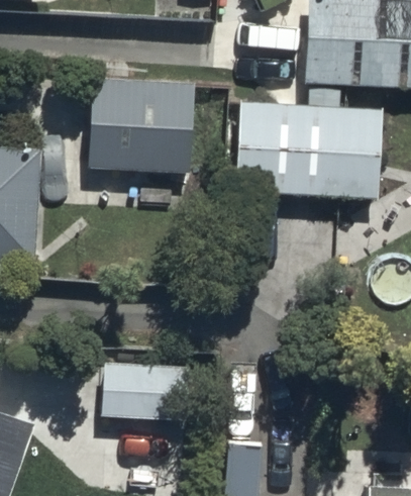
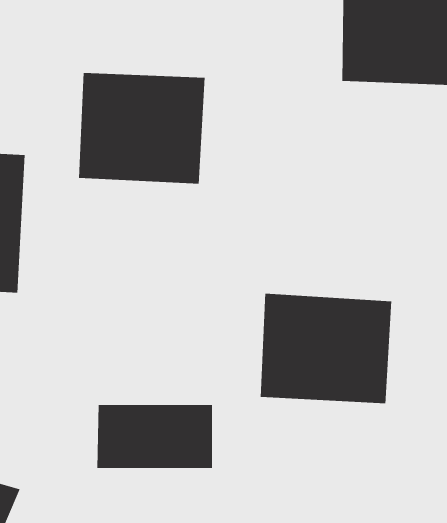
building: [234,102,382,198] -> none
building: none -> [260,293,392,404]

